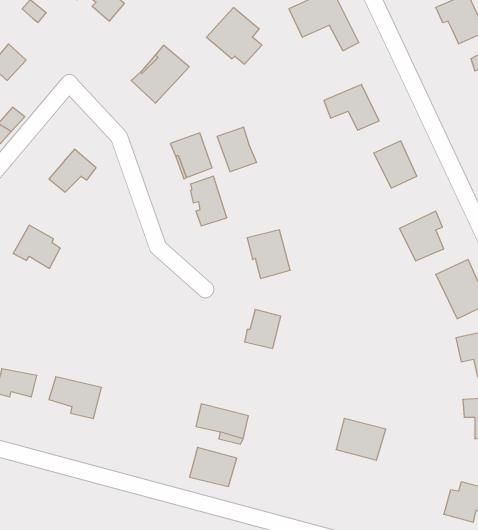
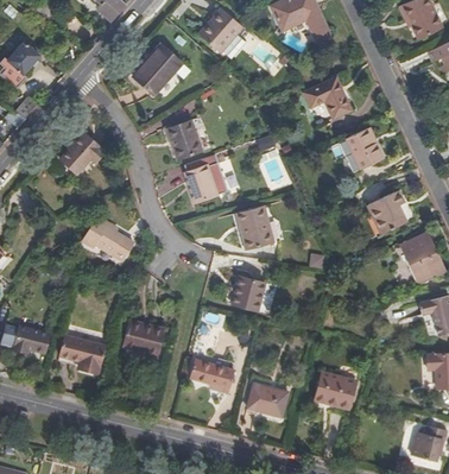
building: [217,127,256,172] -> none
building: [13,225,60,268] -> [81,215,122,253]
building: none -> [121,321,164,354]
building: [190,447,237,486] -> [246,383,287,417]

